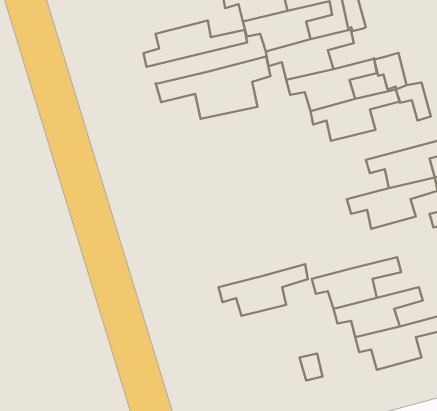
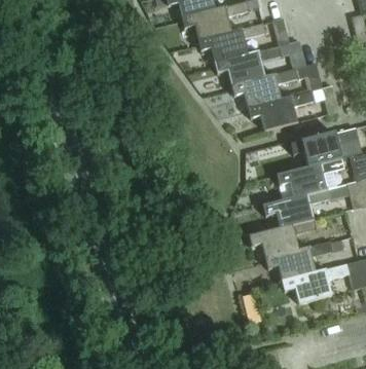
building: [143,21,247,67] -> none
building: [155,56,271,119] -> none
building: [218,264,308,316] -> [262,187,330,226]

